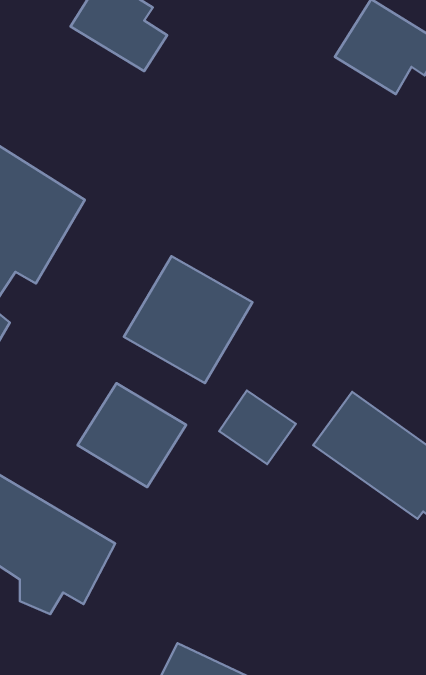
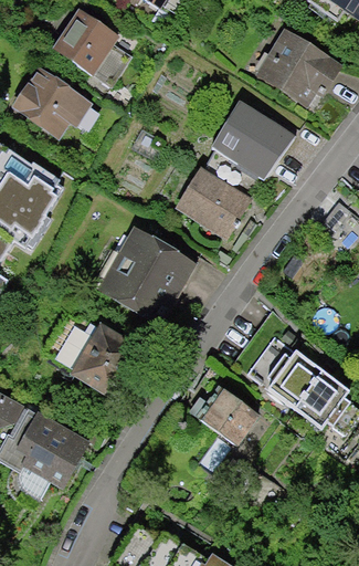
building: none -> [13,67,94,135]
building: none -> [172,101,292,239]
building: [219,391,296,464] -> [201,389,260,446]

